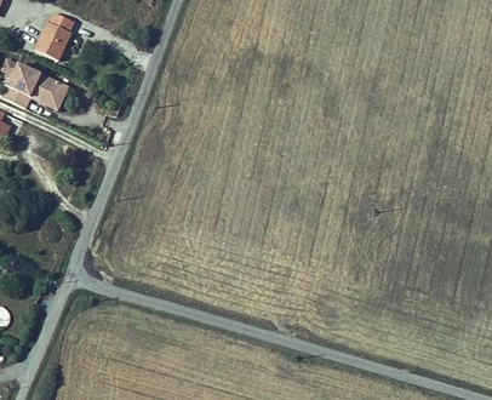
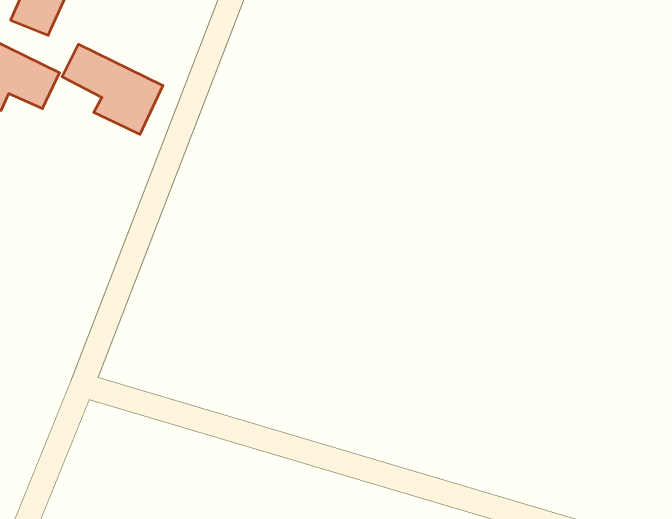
building: none -> [62,44,163,134]

